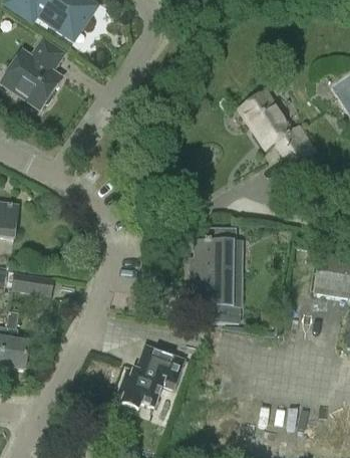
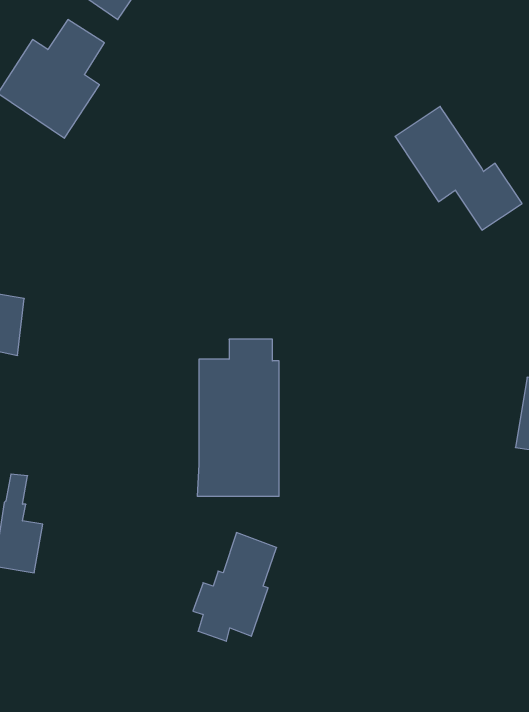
building: [191,228,240,322] -> [197,339,279,496]
building: [11,272,54,296] -> none

